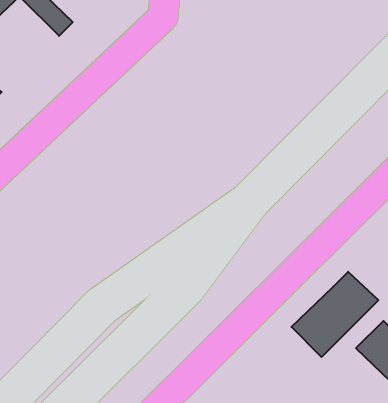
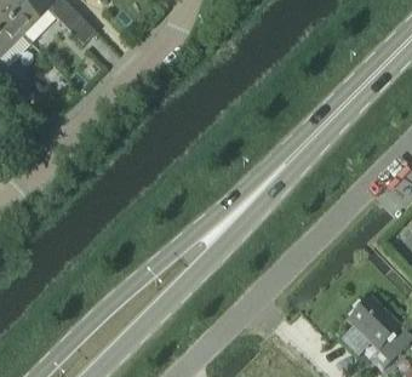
building: [291,272,378,357] -> none

